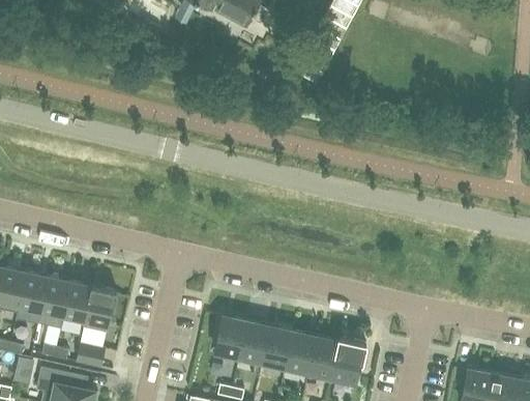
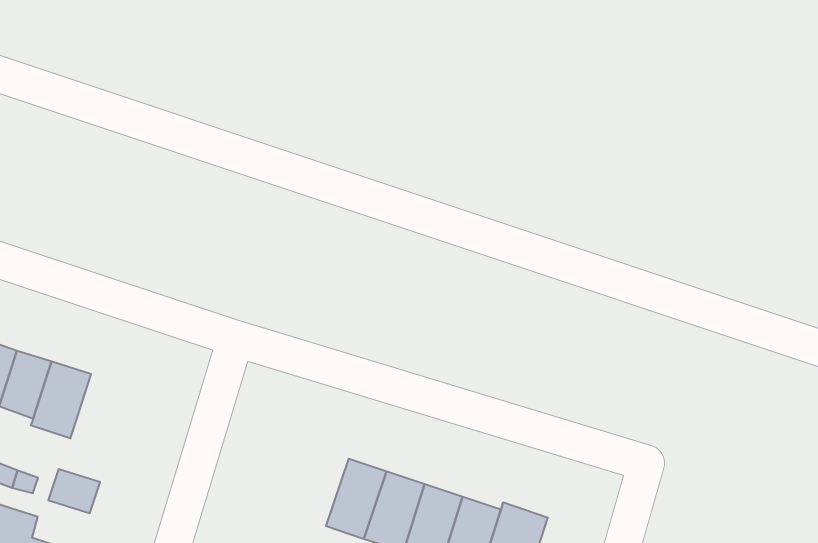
building: [85,286,117,331] -> none
building: [214,315,247,361] -> none

